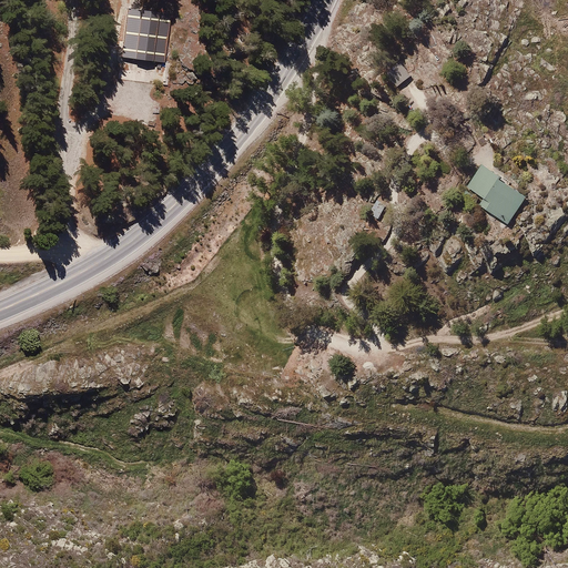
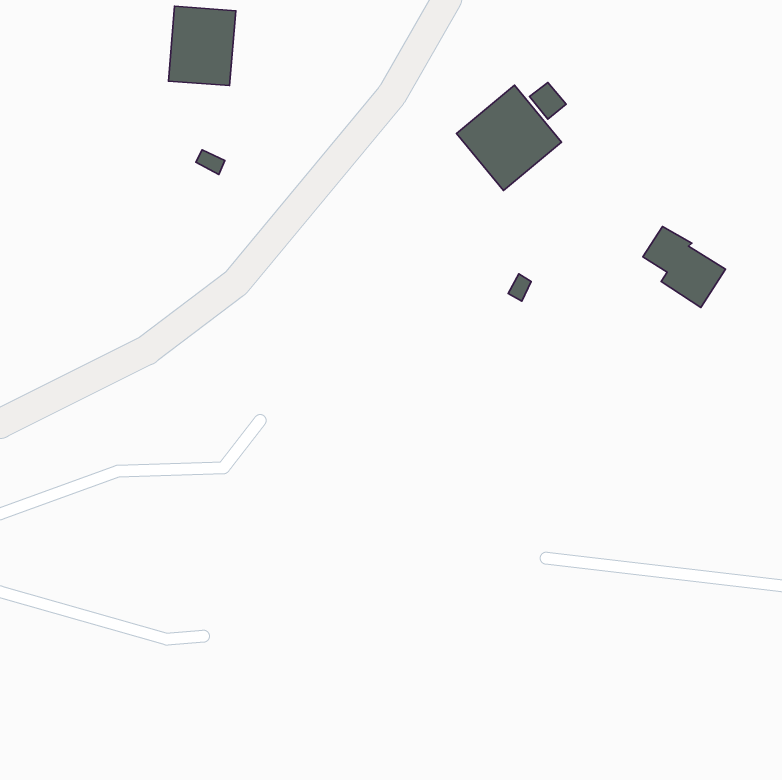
building: none -> [457,85,562,191]

